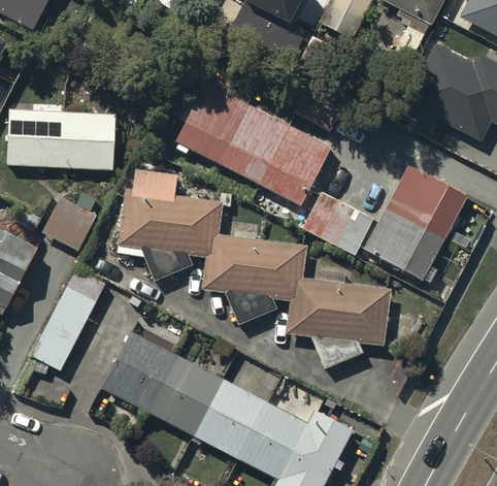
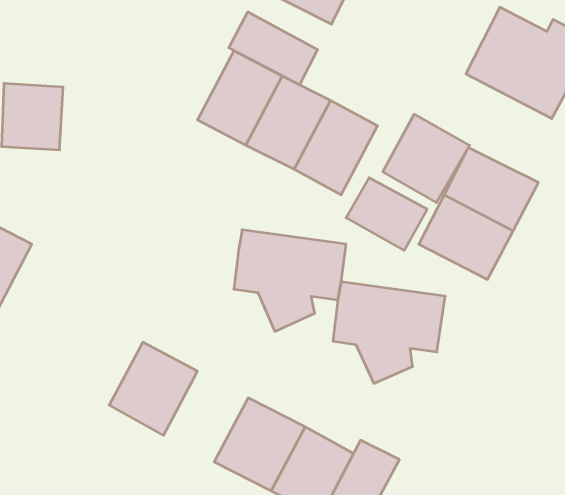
building: none -> [229,12,318,85]
building: [60,114,113,169] -> none
building: none -> [383,114,470,203]
building: [124,171,220,280] -> none
building: [44,198,96,249] -> none
building: [36,270,106,370] -> none
building: [148,356,221,433] -> none

